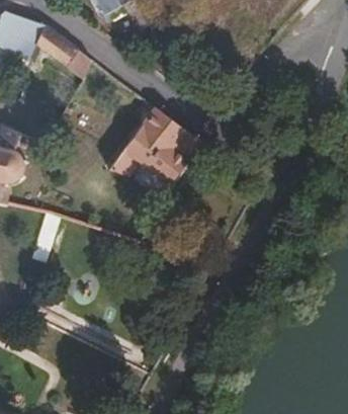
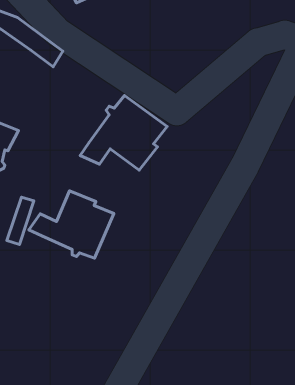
building: none -> [29,191,114,258]

